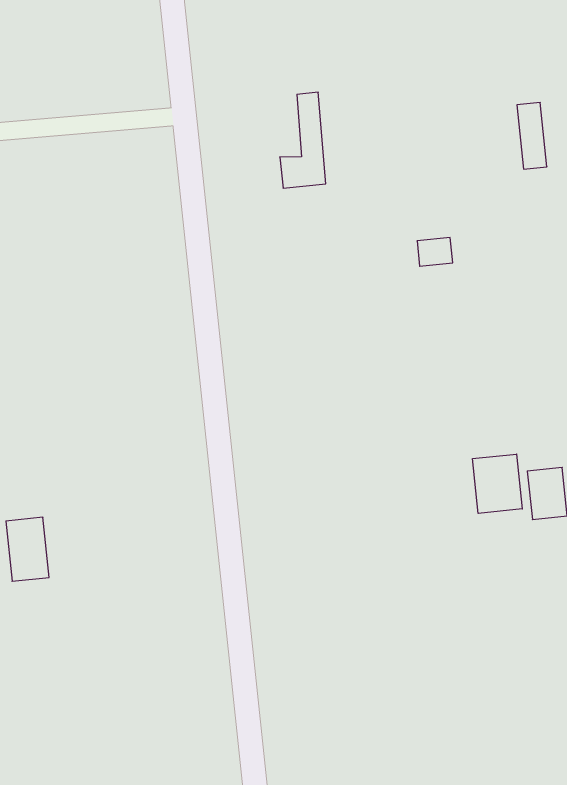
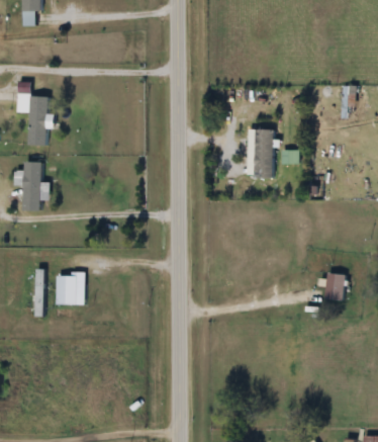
building: [280,92,326,188] -> [245,119,268,167]
building: [473,454,522,513] -> none

